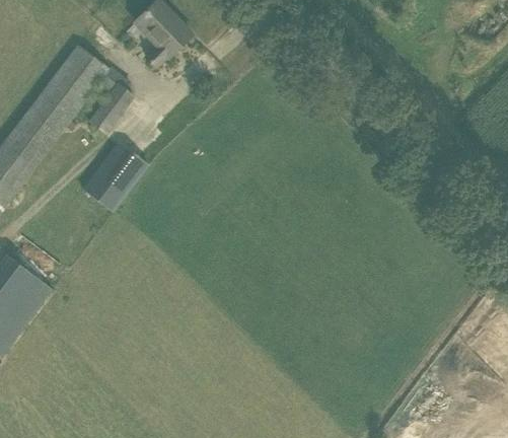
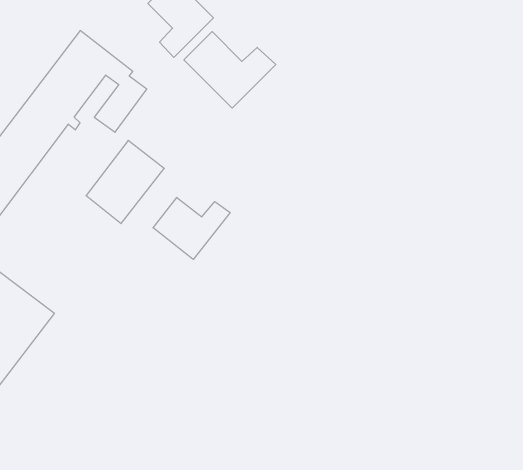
building: none -> [184,32,276,108]
building: none -> [153,197,230,259]

